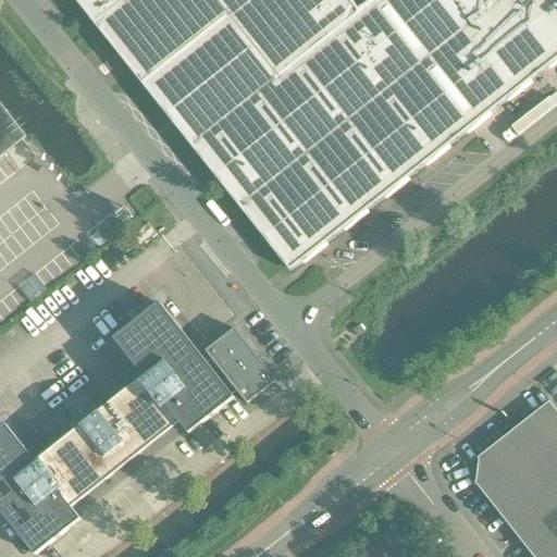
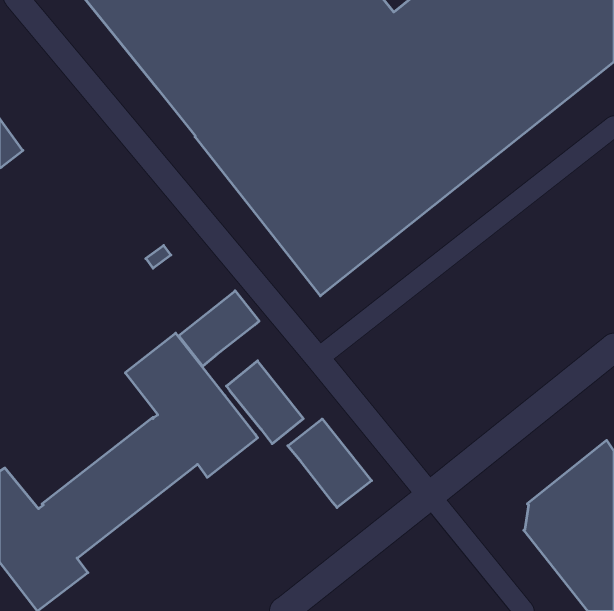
building: none -> [179,291,259,366]
building: none -> [288,419,372,508]

